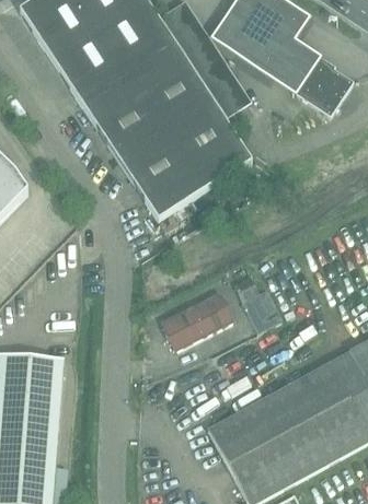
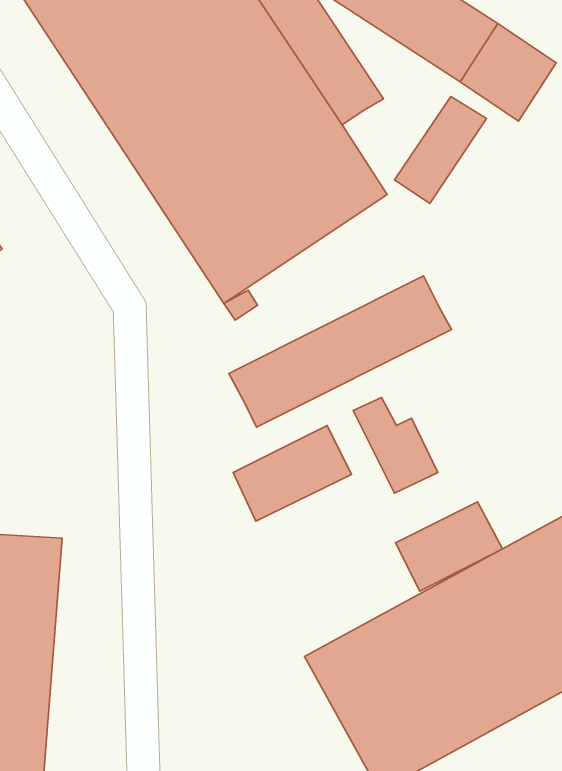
building: none -> [395,97,486,204]
building: none -> [229,276,451,427]
building: none -> [396,502,502,591]

